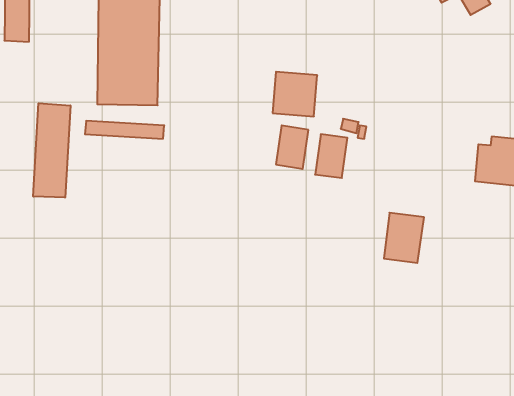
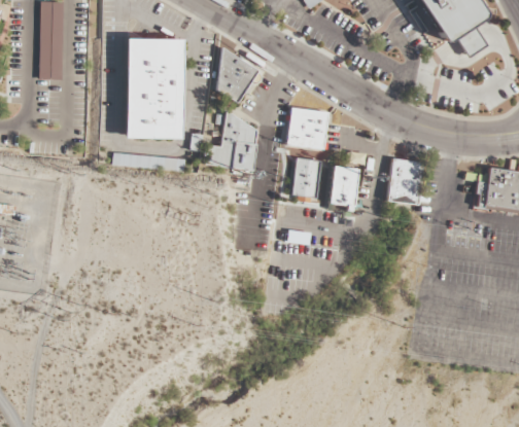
building: none -> [218,46,258,102]
building: none -> [207,109,258,170]
building: [33,103,70,198] -> none
building: [384,213,424,263] -> [387,157,424,204]

